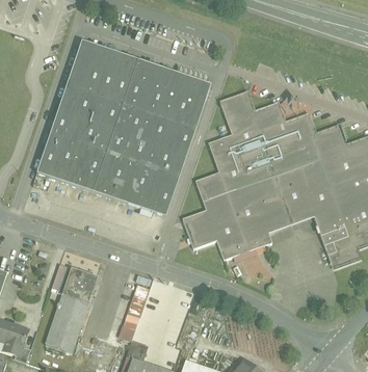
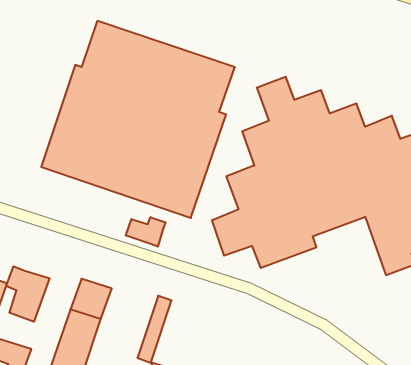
building: none -> [126,217,165,247]
building: none -> [6,266,50,322]

